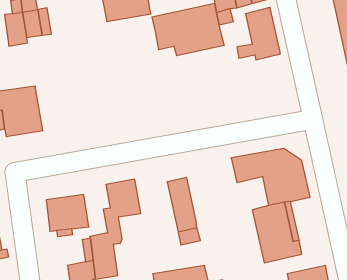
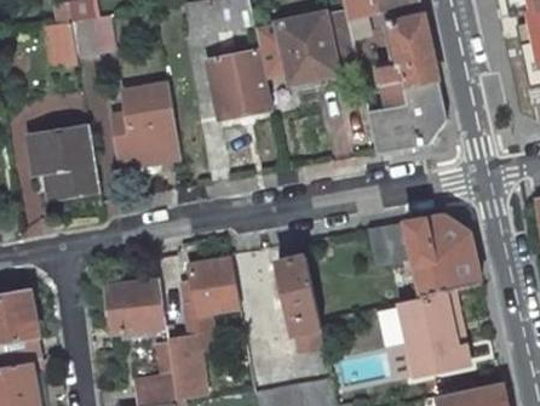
building: none -> [206,48,272,121]
building: none -> [367,80,447,151]
building: none -> [122,82,179,151]

